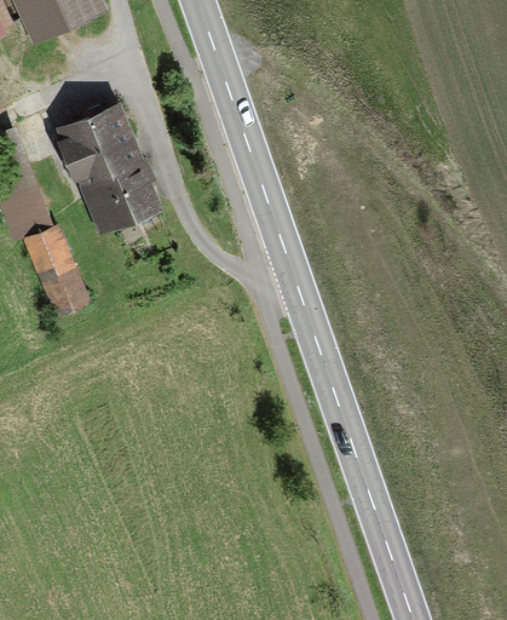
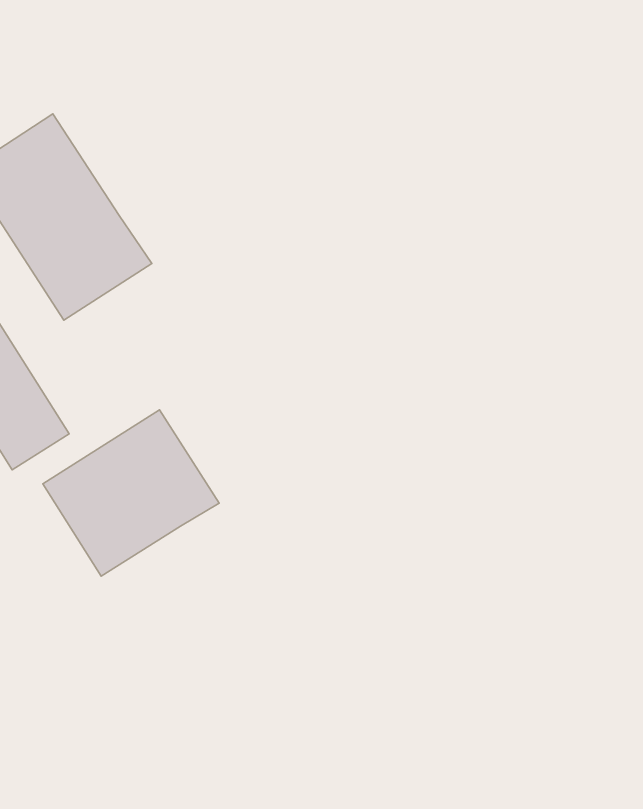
building: none -> [43,410,219,576]

